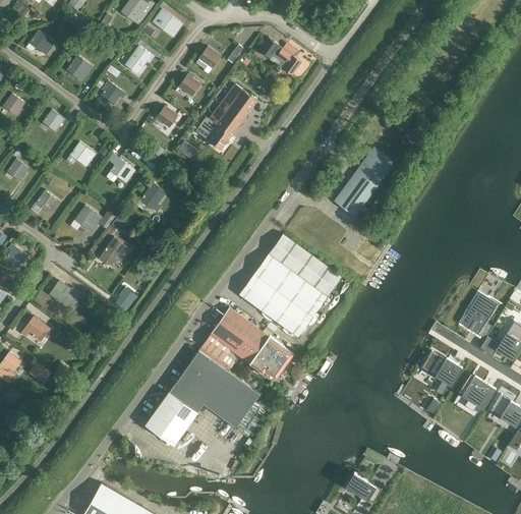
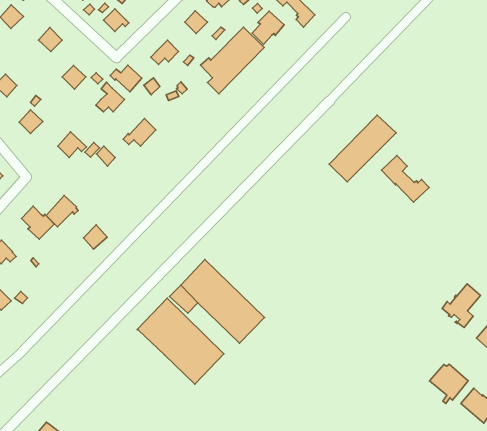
building: none -> [252,11,284,45]
building: none -> [110,65,142,92]
building: none -> [381,156,429,202]
building: [239,235,341,337] -> none
building: [99,237,128,268] -> [46,196,78,227]
building: [420,351,462,386] -> none
building: [144,384,204,446] -> none

